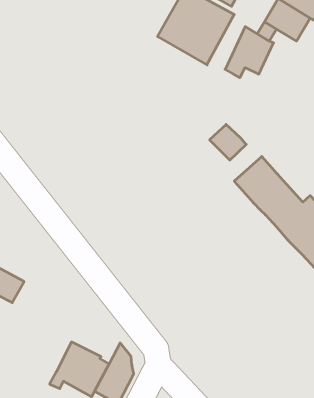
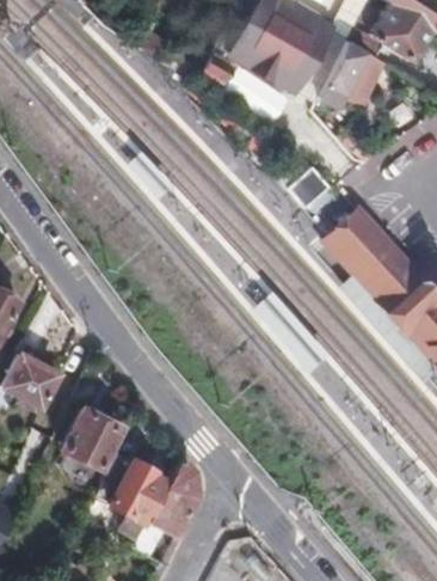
building: none -> [62,410,130,494]

